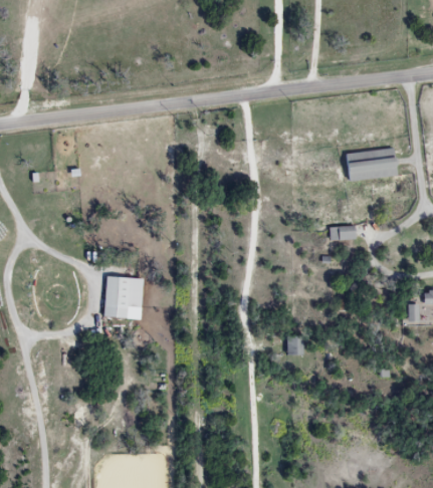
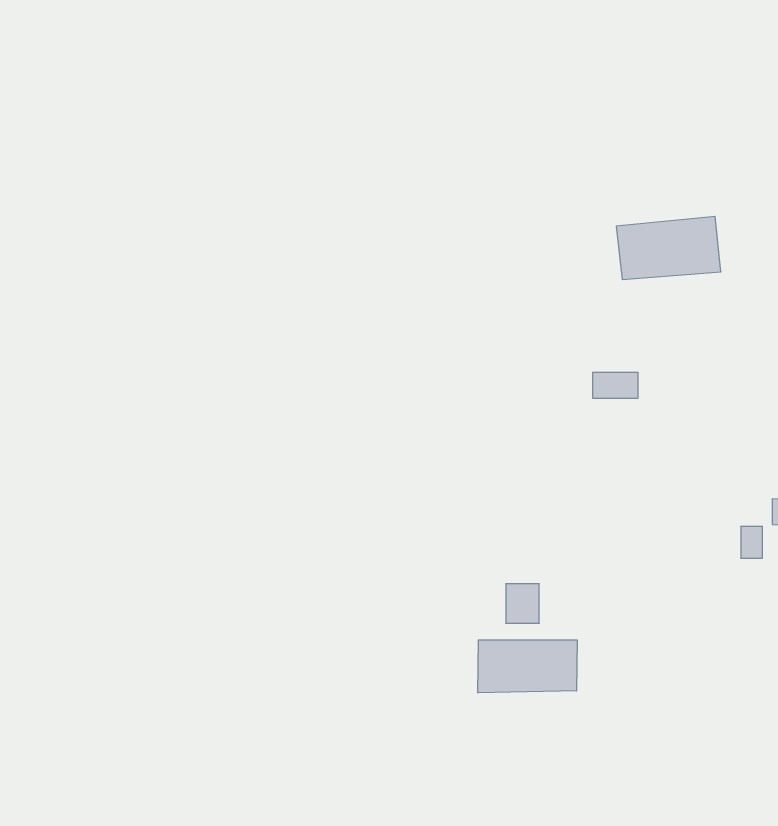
building: [105,276,144,317] -> none
building: none -> [478,640,577,693]

